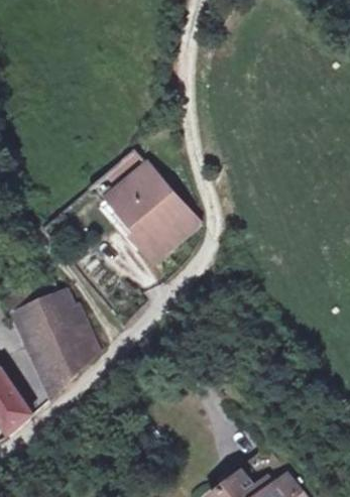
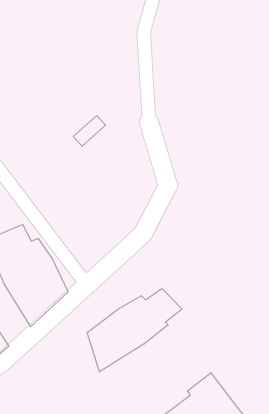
building: [101,165,200,267] -> none
building: none -> [87,288,182,372]

